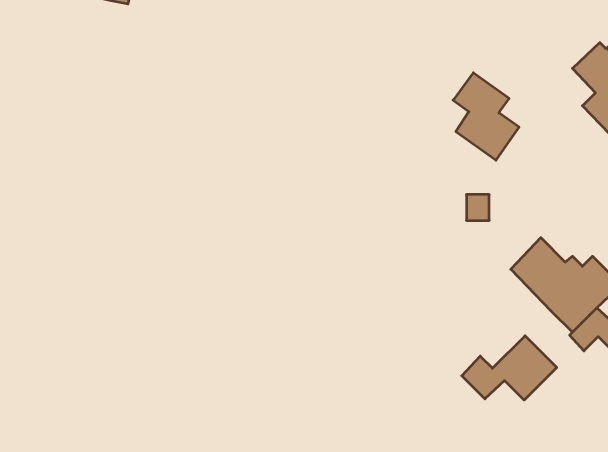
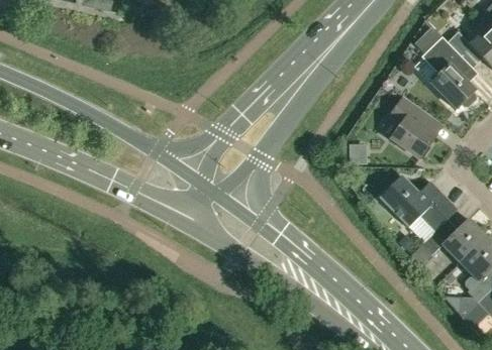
building: [453,73,519,160] -> [389,97,435,158]
building: [462,336,557,400] -> none

